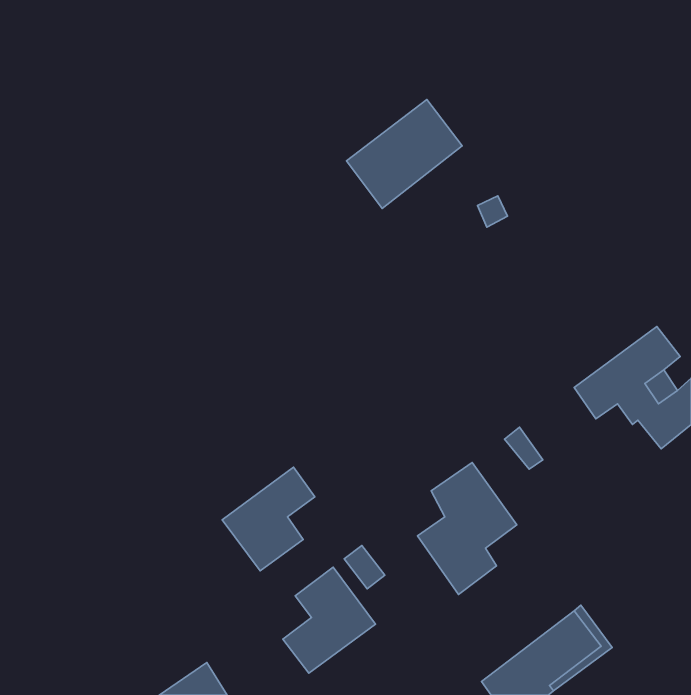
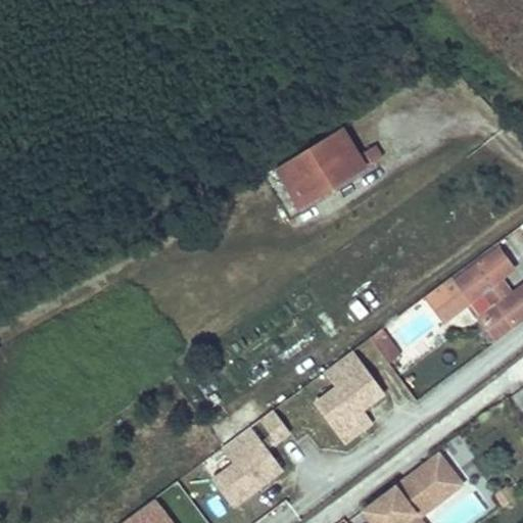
building: [347,100,462,208] -> [273,135,360,217]
building: [222,467,315,571] -> none

